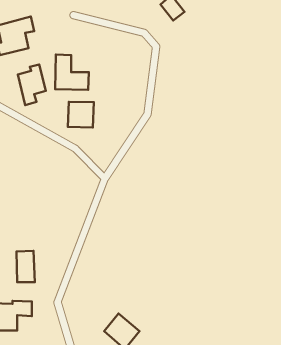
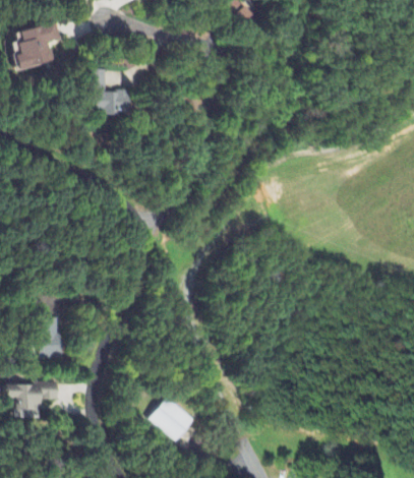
building: [18,64,46,105] -> none
building: [68,102,94,127] -> none

